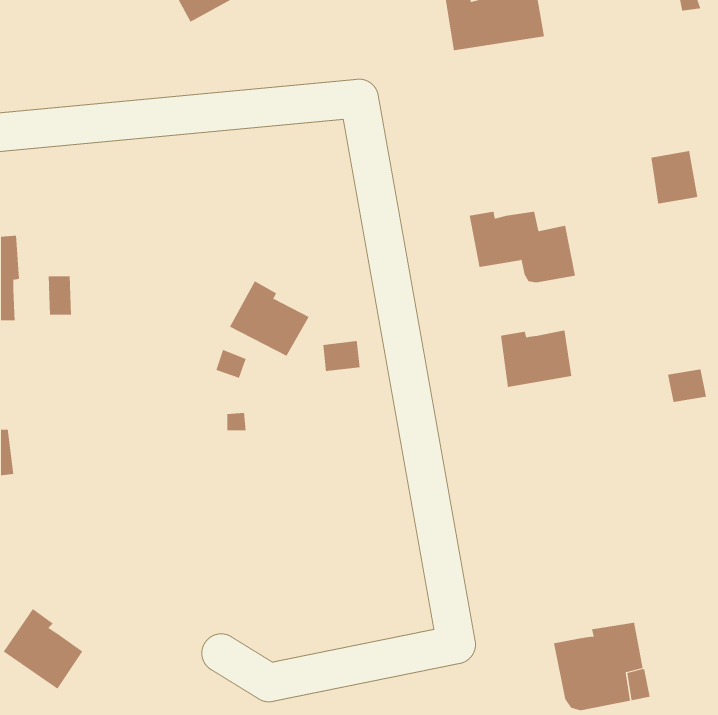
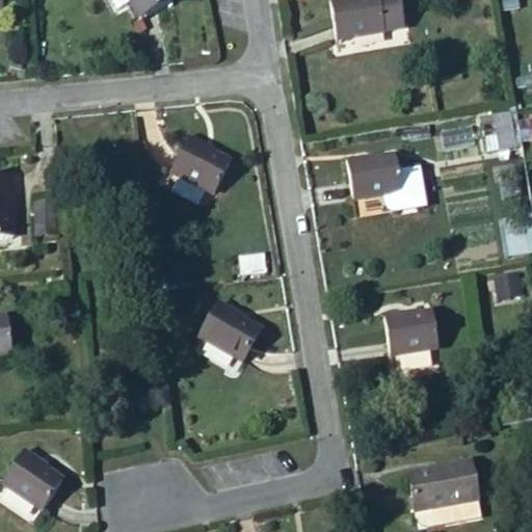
building: [229,280,309,356] -> [171,135,231,191]
building: [500,330,572,388] -> [384,312,437,354]
building: none -> [202,302,260,358]

